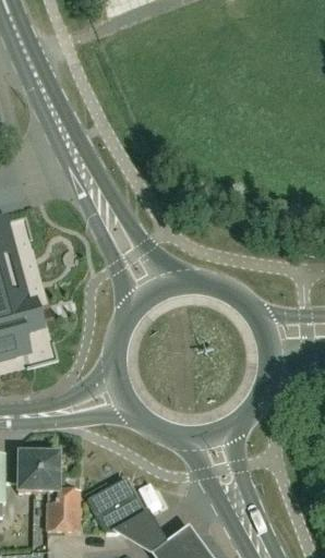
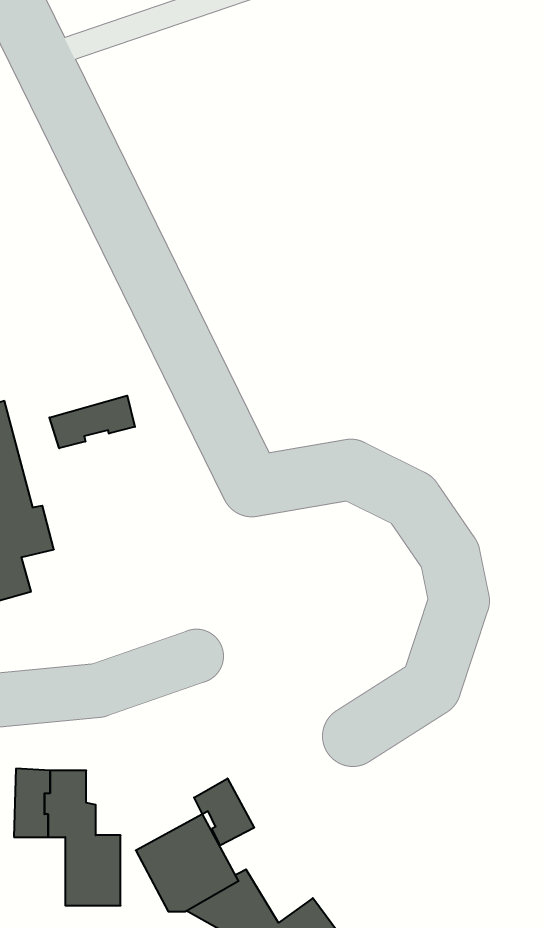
building: none -> [49,396,135,448]
building: none -> [194,778,254,845]

